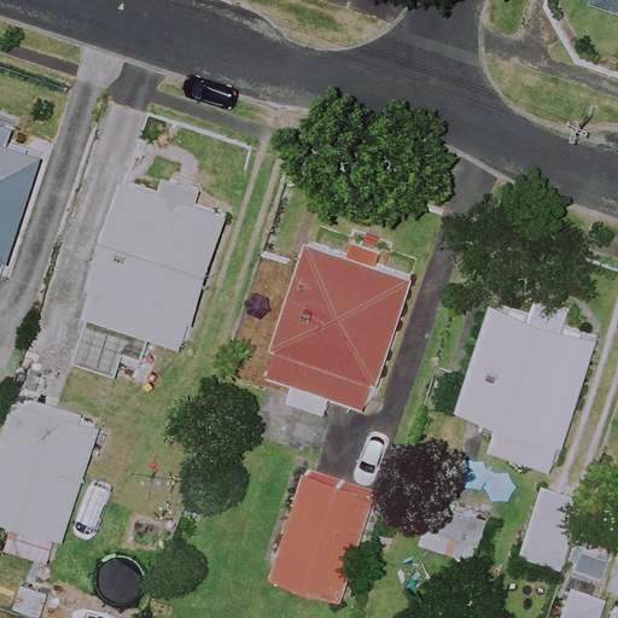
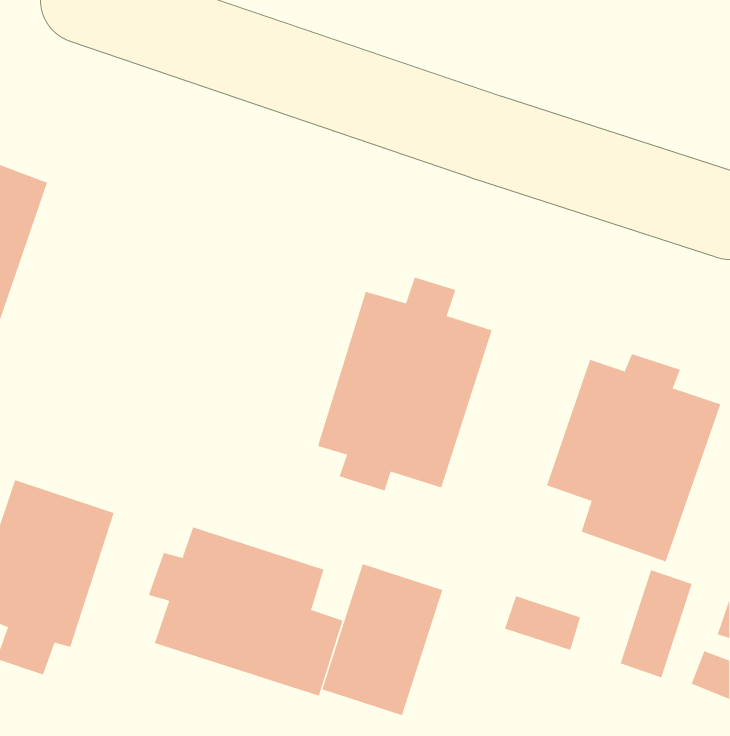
building: [63,180,226,385] -> none
building: none -> [148,527,343,697]

